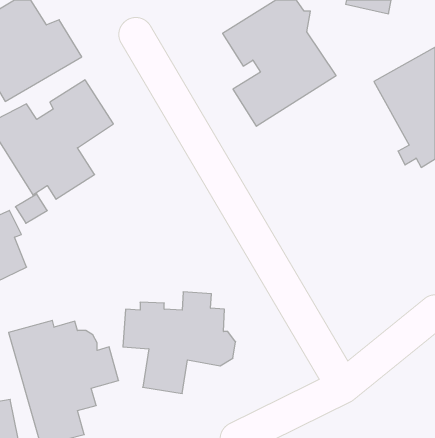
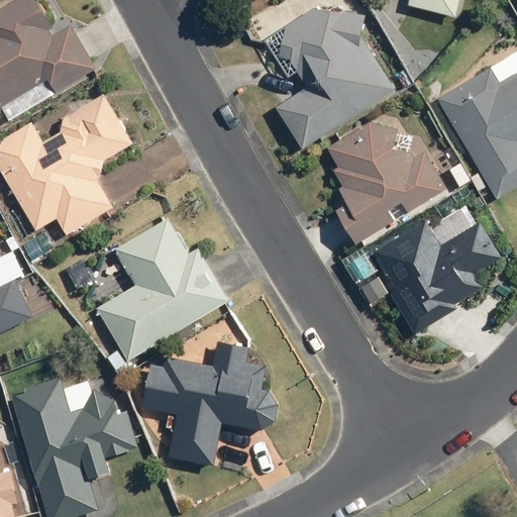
building: none -> [324,112,448,246]
building: none -> [373,205,502,331]
building: none -> [95,218,228,363]

